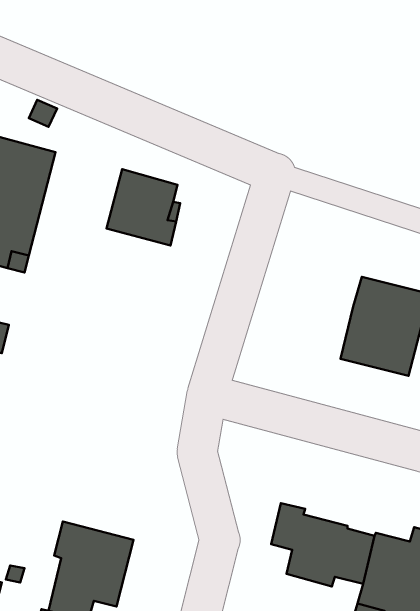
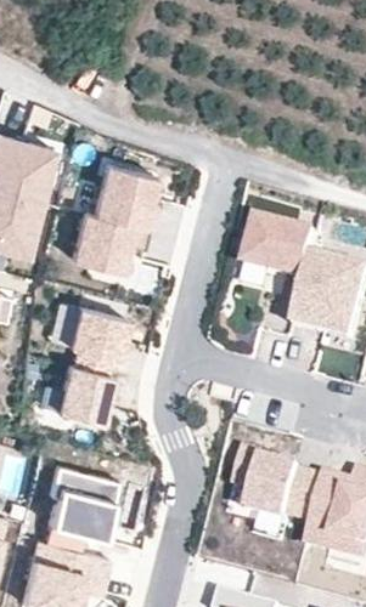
building: none -> [74,214,151,273]
building: none -> [249,221,320,283]
building: none -> [72,308,128,359]
building: none -> [58,367,113,422]

